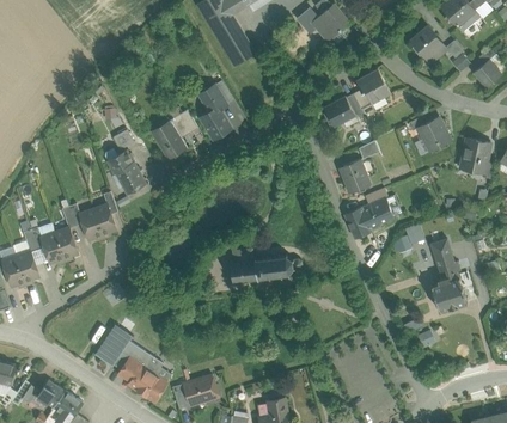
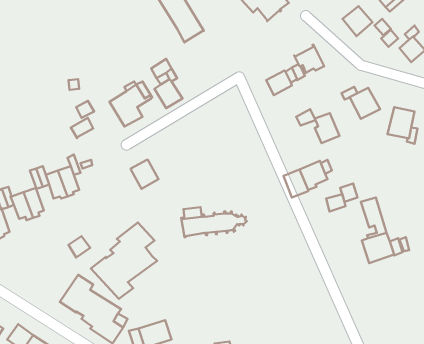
building: [342,160,369,194] -> [315,113,340,143]
building: [114,163,145,195] -> [131,160,159,189]
building: none -> [91,222,157,299]

